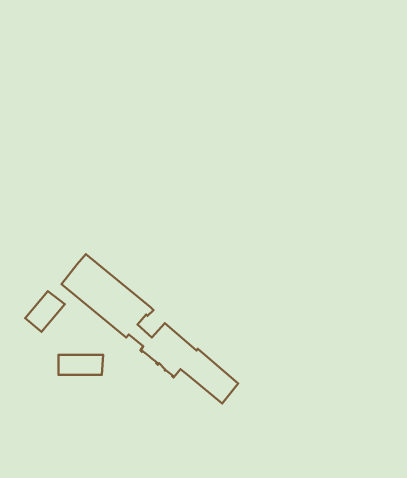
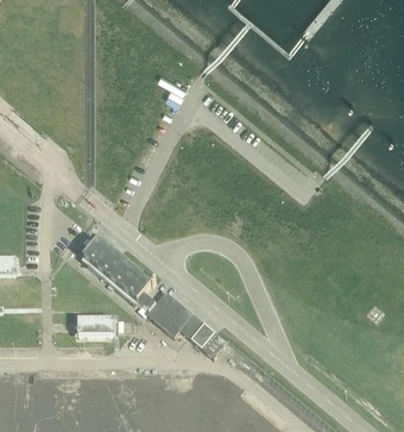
building: [25,291,65,332] -> none

